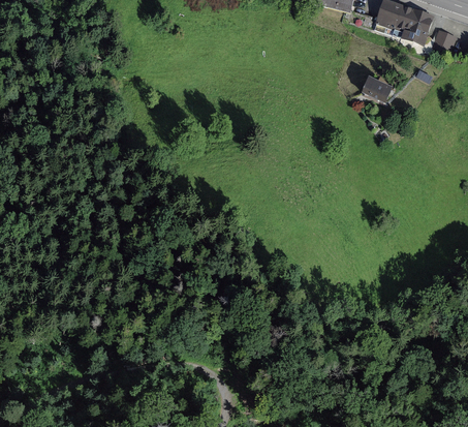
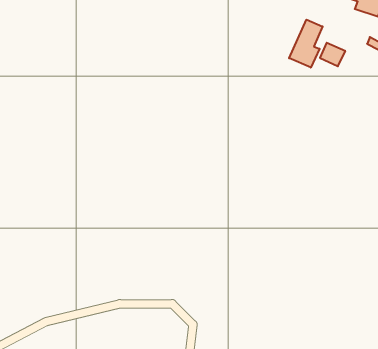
building: none -> [289,20,323,68]

